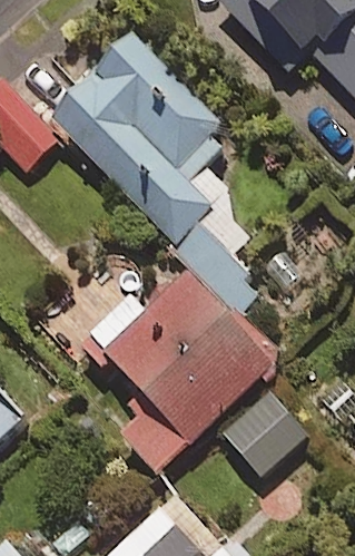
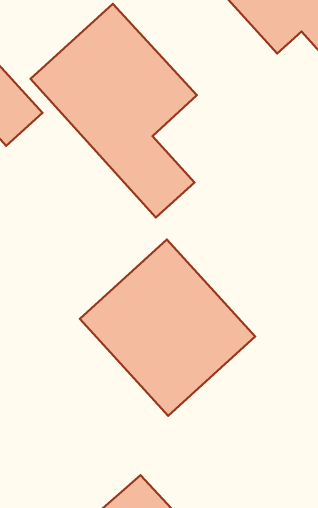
building: [223,390,310,476] -> none

